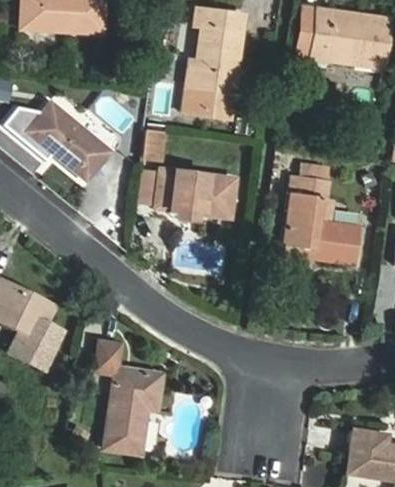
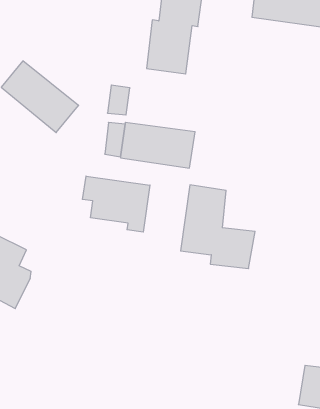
building: [282,174,362,264] -> [181,185,255,269]
building: none -> [82,176,150,232]
building: [95,341,162,453] -> none

